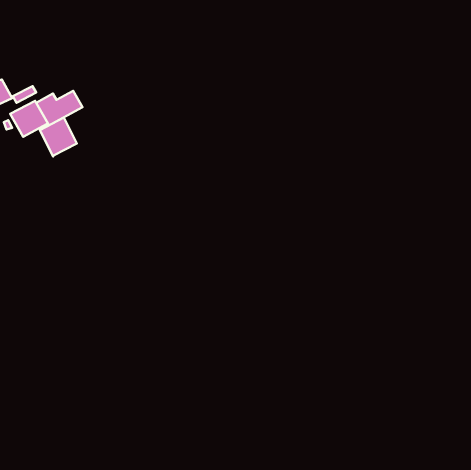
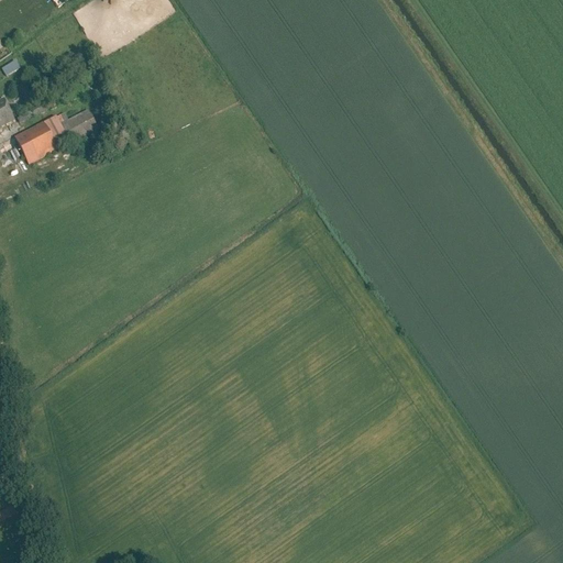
building: [40,117,77,156] -> none

